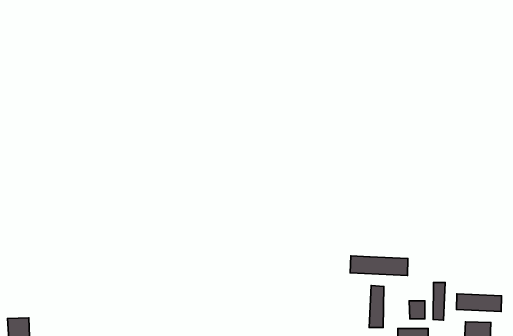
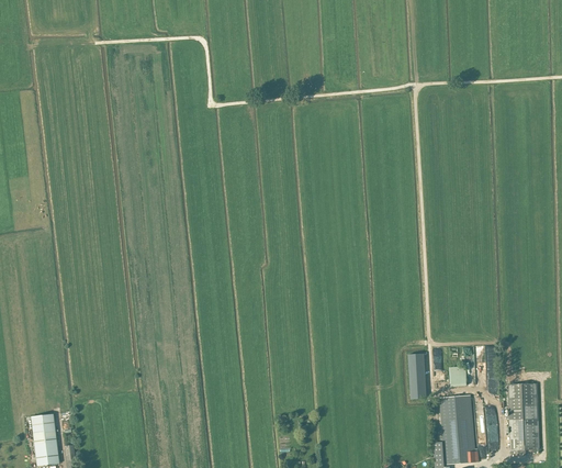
building: [350,256,408,276] -> none
building: [456,294,502,312] -> none

